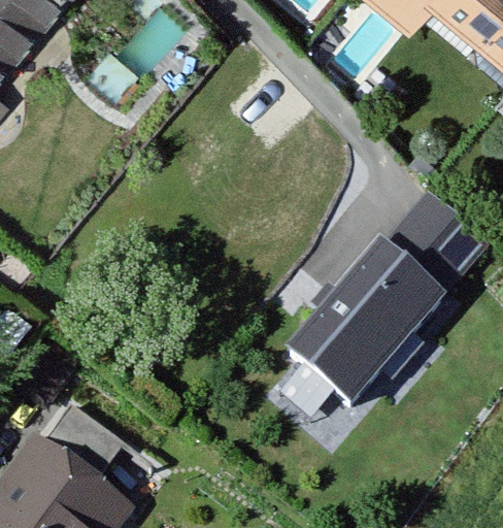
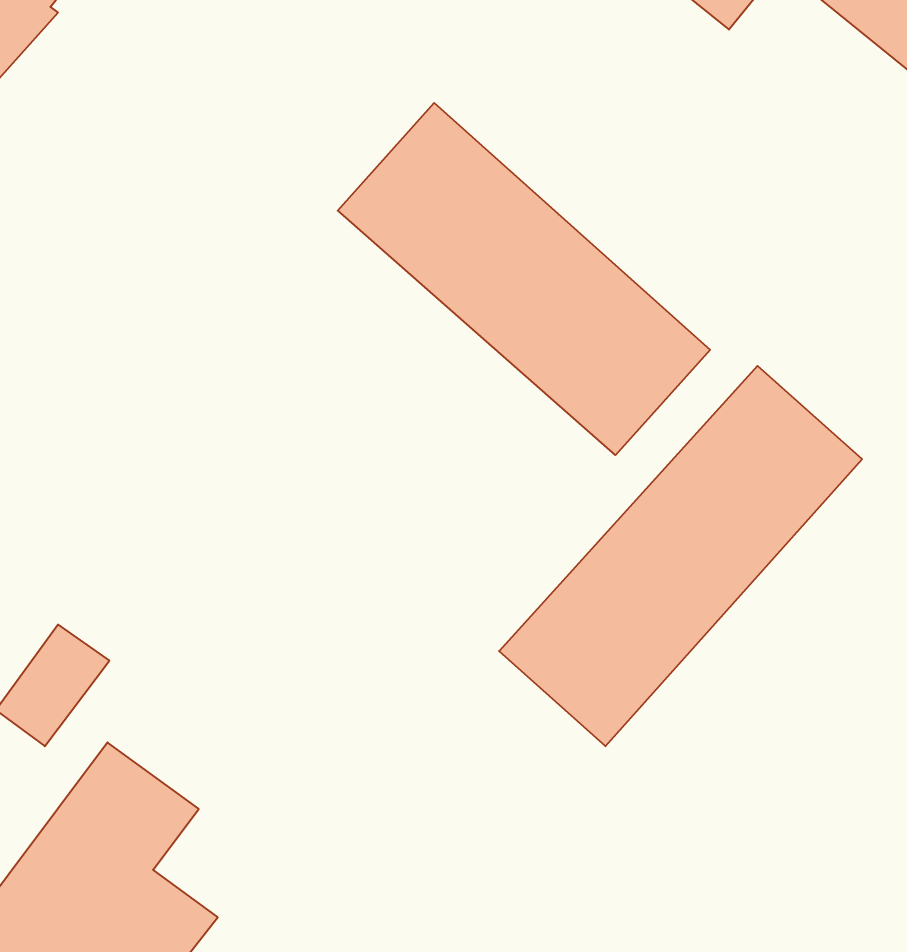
building: none -> [338,103,710,455]

